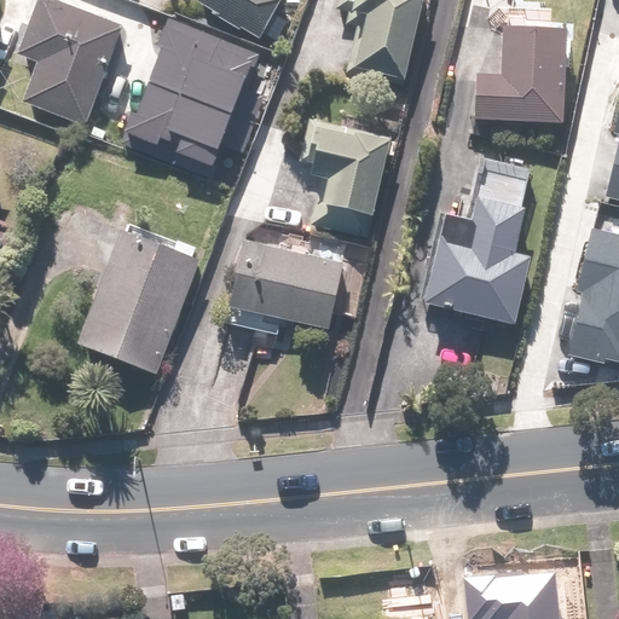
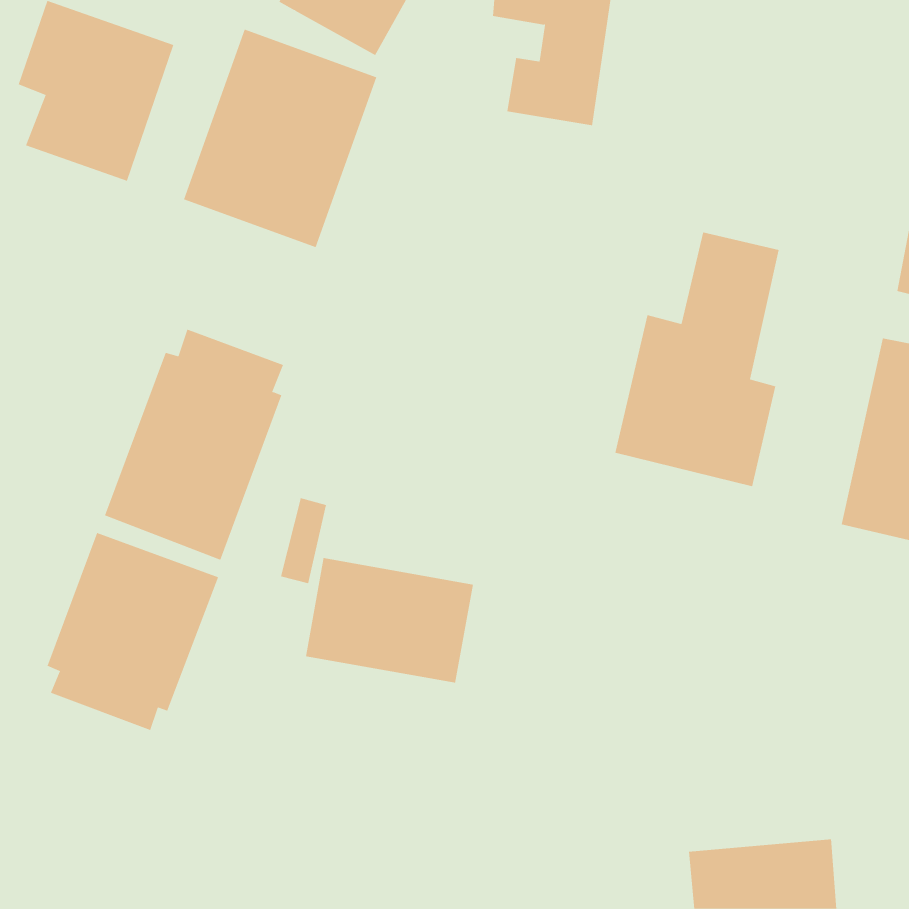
building: [470,5,566,127] -> none
building: [299,120,389,238] -> none
building: [228,243,342,328] -> [305,558,474,683]
building: none -> [47,532,219,731]

